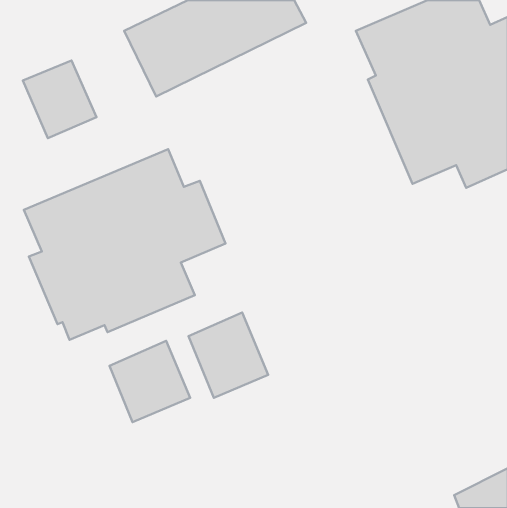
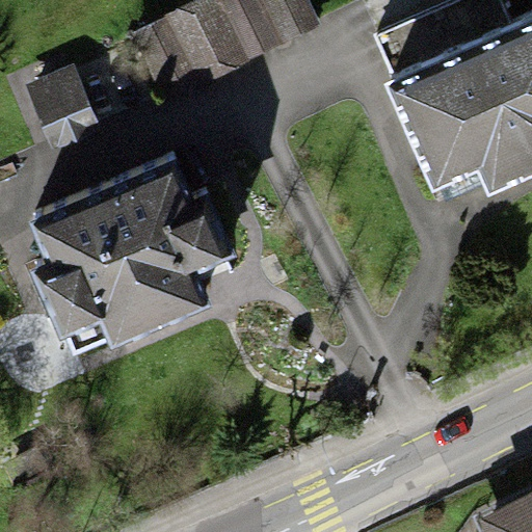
building: [188,312,268,398] -> none
building: [109,341,190,422] -> none

